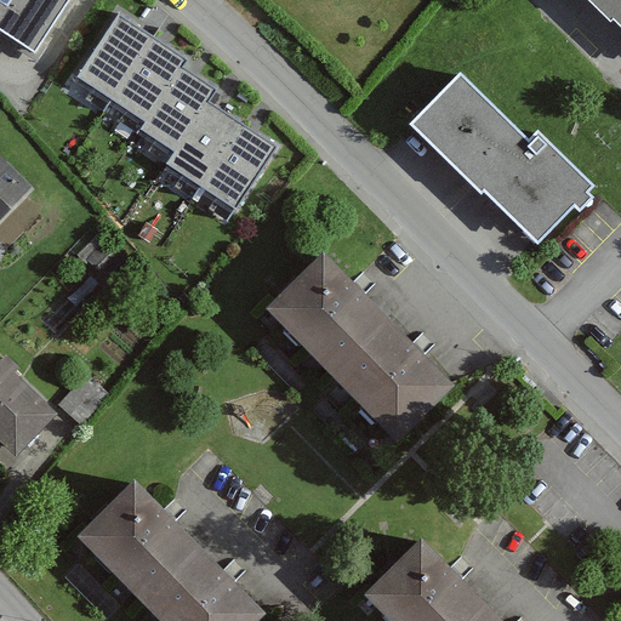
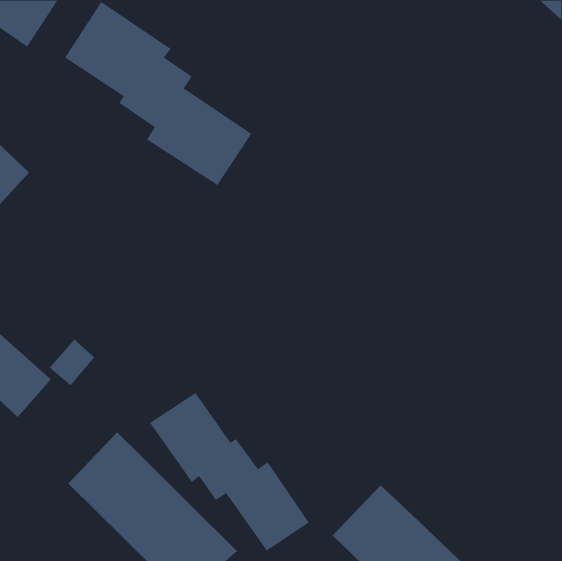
building: [411,78,592,245] -> none
building: [263,251,451,437] -> none
building: none -> [149,392,310,551]

